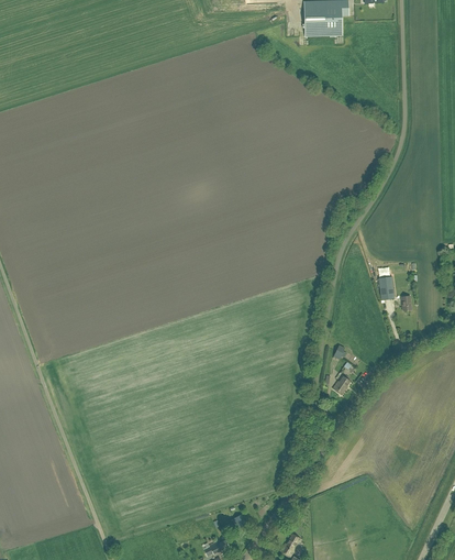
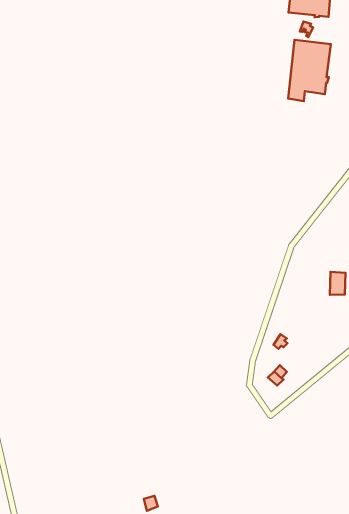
building: none -> [288,40,331,101]

